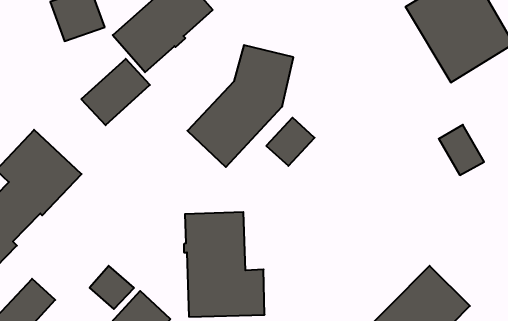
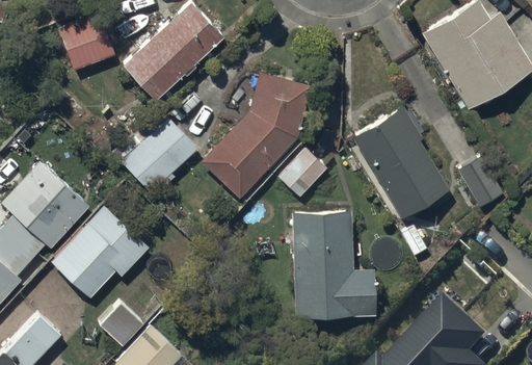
building: [81,59,150,125] -> [125,122,195,190]
building: none -> [352,105,448,216]
building: none -> [52,205,149,298]
building: [184,212,265,317] -> [291,210,374,318]

